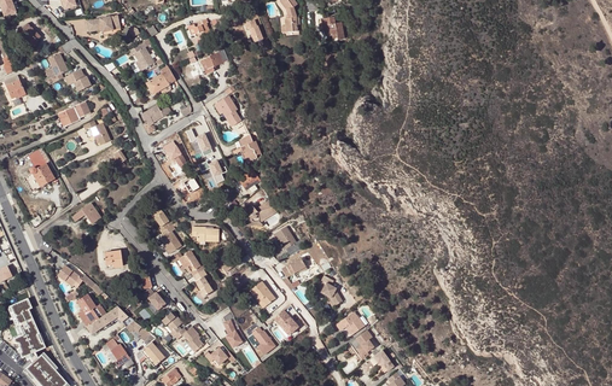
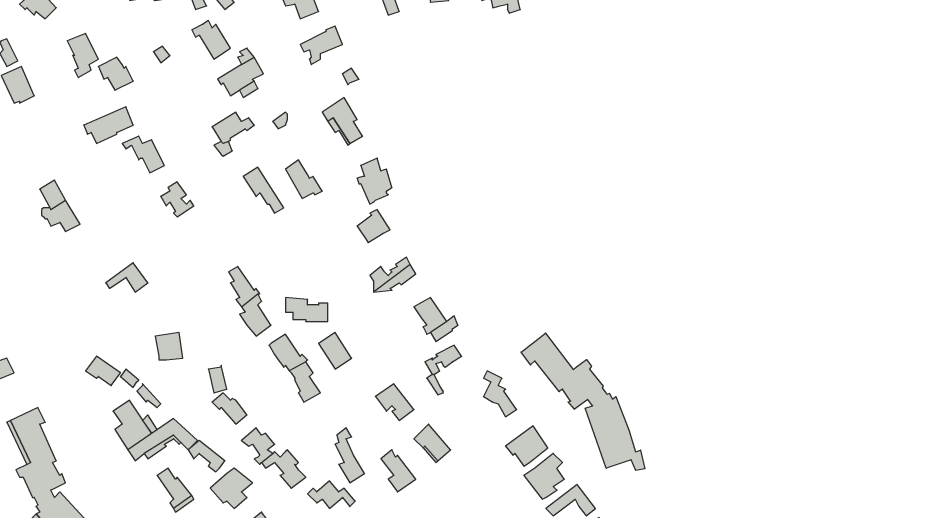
building: none -> [521,333,645,470]

